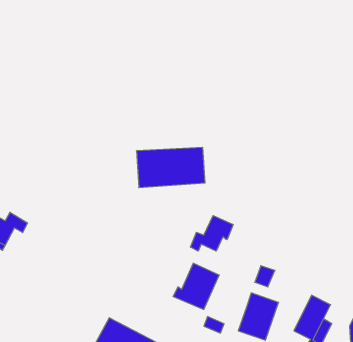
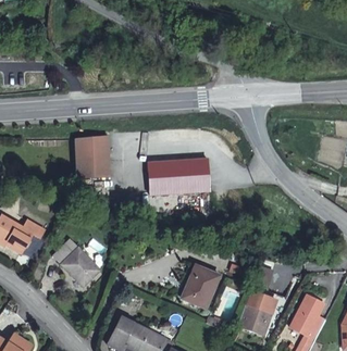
building: none -> [75,134,108,174]
building: [191,216,233,251] -> none
building: none -> [54,239,98,284]

